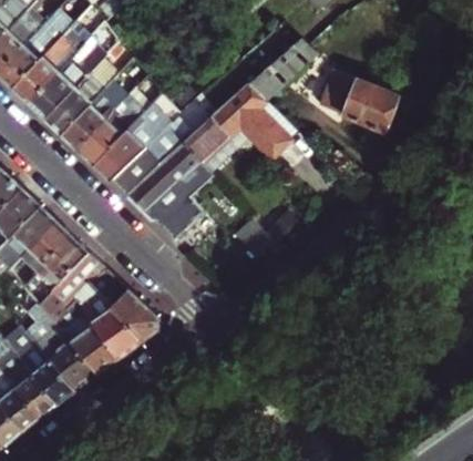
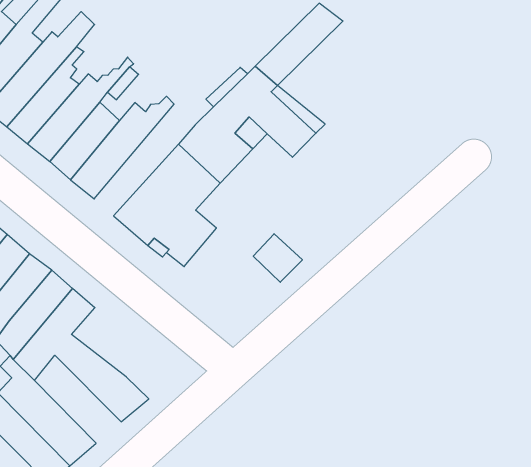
building: [322,71,399,132] -> none
building: [110,110,194,195] -> none
building: [84,267,158,342] -> none
building: [52,303,119,375] -> none

